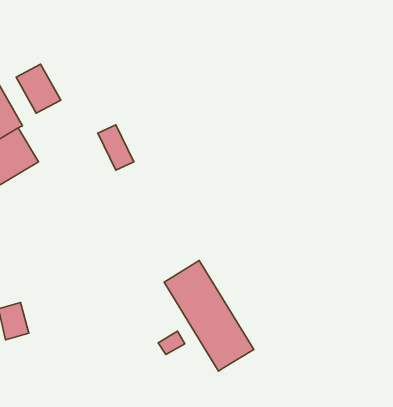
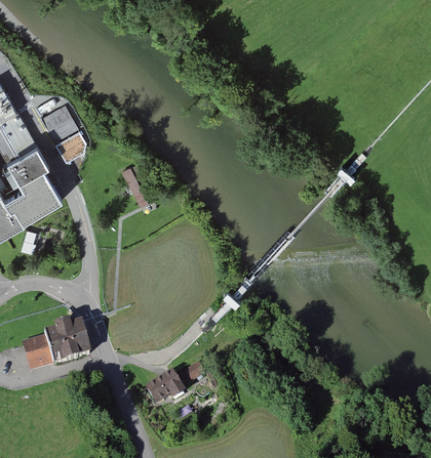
building: [164,261,254,371] -> none
building: none -> [43,323,90,366]
building: none -> [142,373,184,407]

